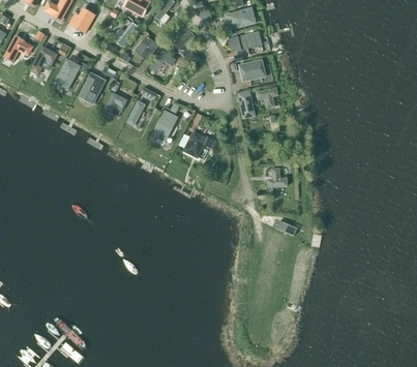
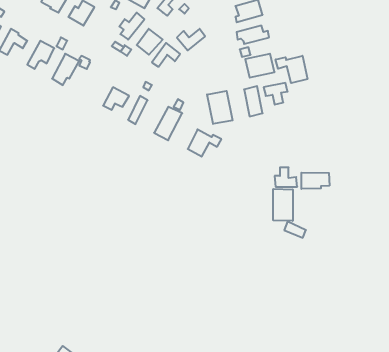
building: none -> [276,56,307,83]
building: [78,72,106,104] -> none
building: none -> [207,91,233,124]
building: none -> [301,173,329,189]
building: none -> [273,189,293,221]

